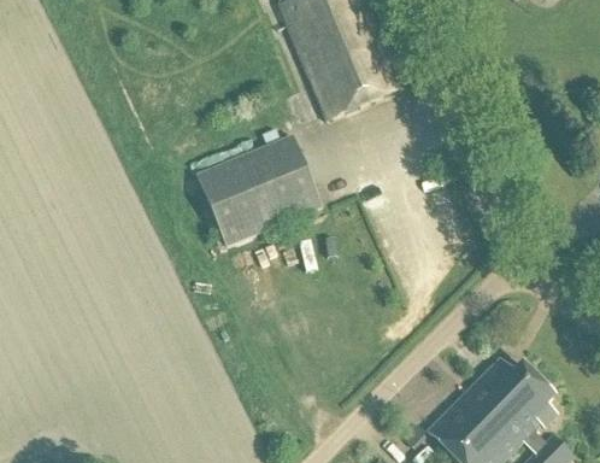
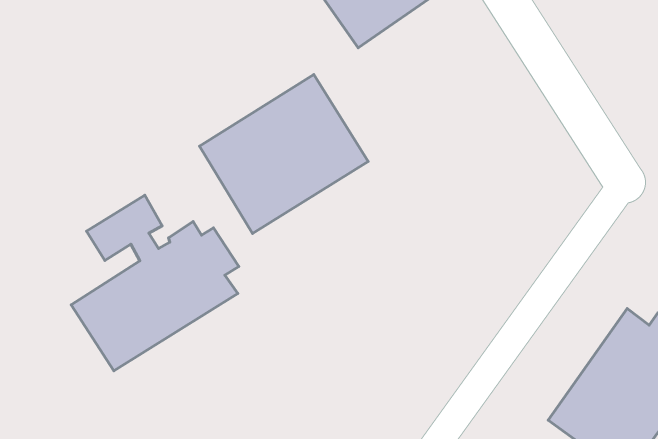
building: none -> [71,195,239,371]

